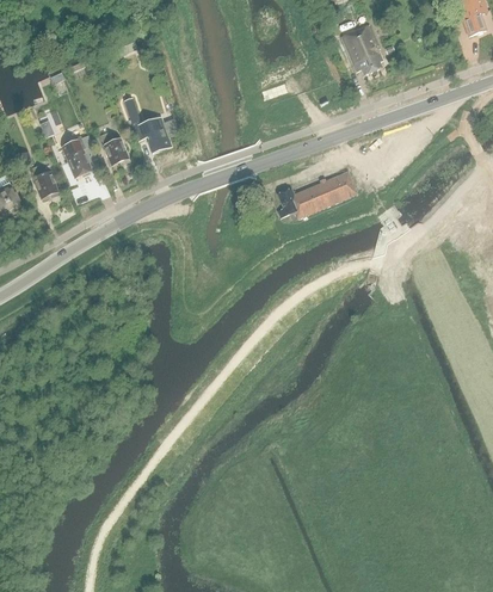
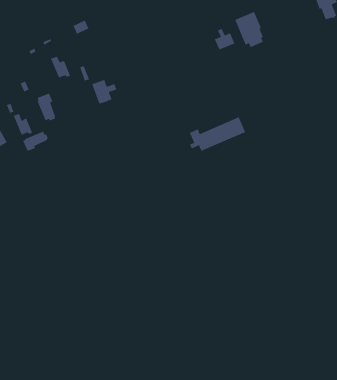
building: none -> [214,28,235,51]
building: [99,131,129,164] -> [50,56,71,79]
building: none -> [22,131,49,152]

